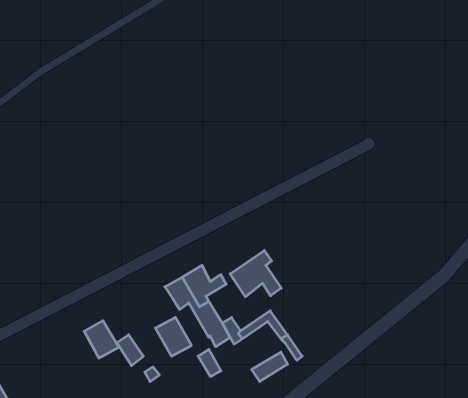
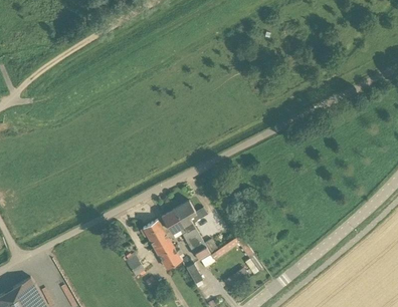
building: [230,250,281,297] -> none
building: [84,321,119,358] -> [142,219,168,247]

